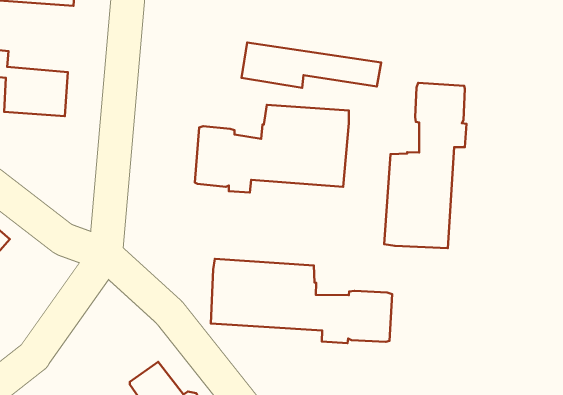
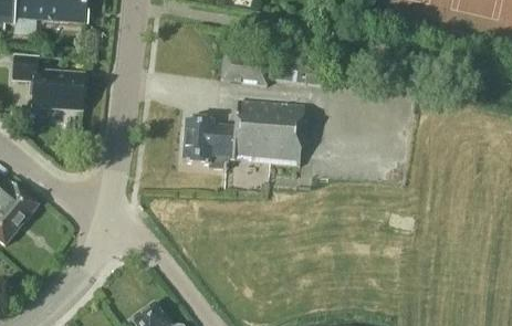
building: [384,83,467,248] -> none
building: [211,259,392,343] -> none

